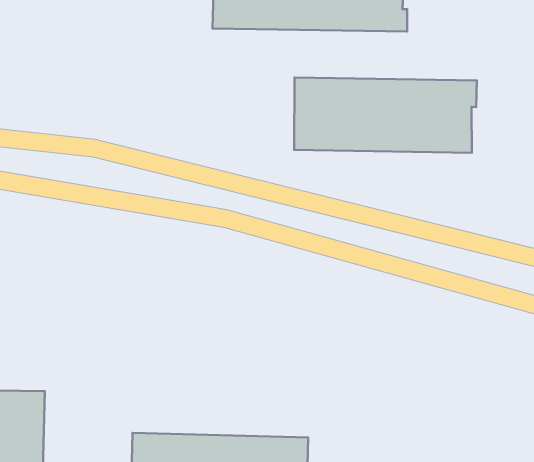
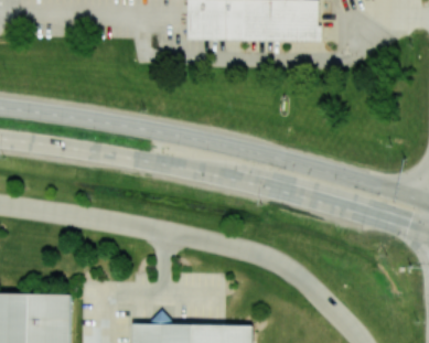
building: [294,77,477,153] -> none

